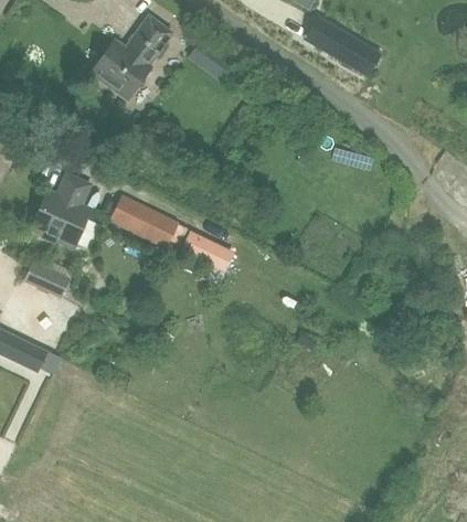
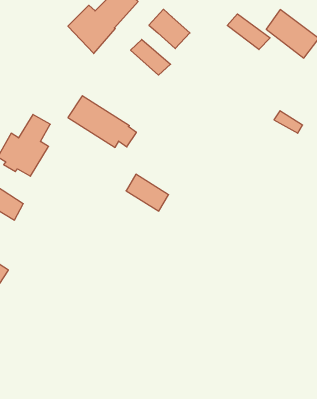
building: none -> [227,14,270,50]
building: none -> [131,39,171,75]
building: [107,193,187,247] -> [68,96,136,147]

